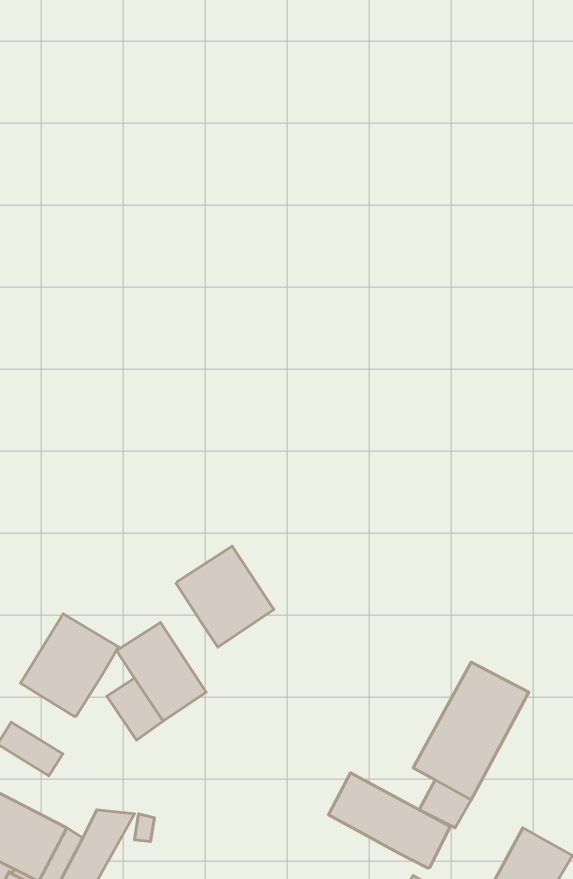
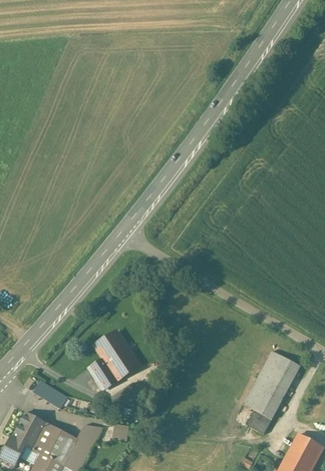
building: [176,546,274,647] -> none
building: [21,614,119,716] -> none
building: [329,773,450,868] -> none

